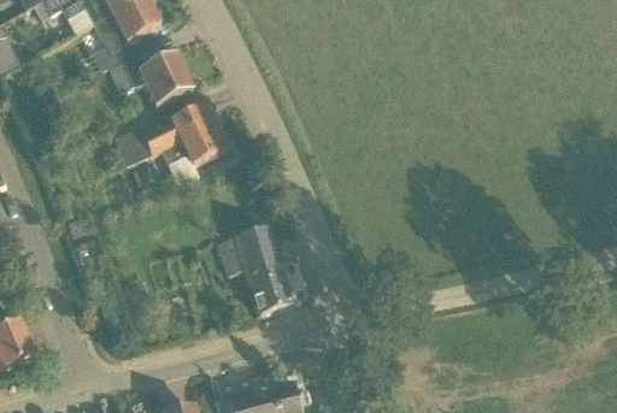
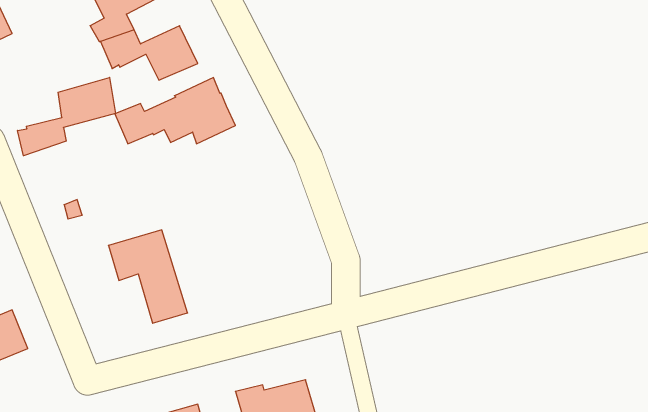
building: none -> [18,77,116,156]
building: [218,225,292,312] -> [108,230,188,323]

